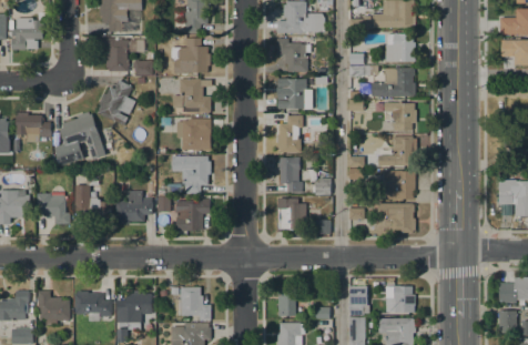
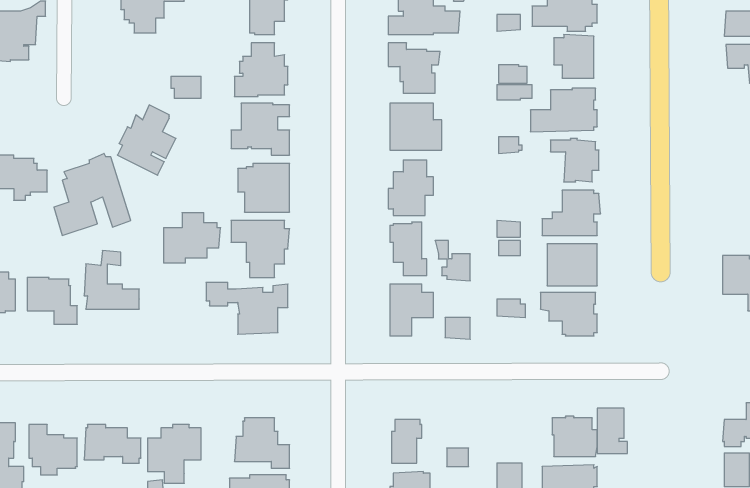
building: [99,37,144,71] -> none
building: [115,191,153,224] -> [164,213,221,263]
building: [349,285,369,315] -> [597,408,627,453]

